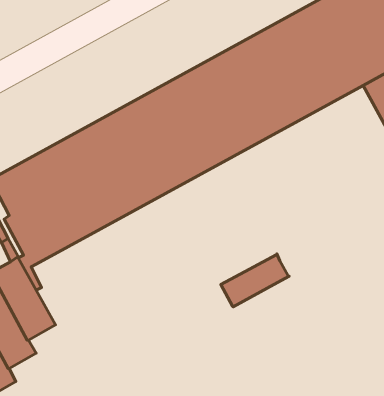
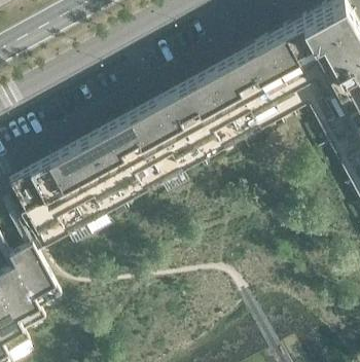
building: [221,254,289,307] -> none

